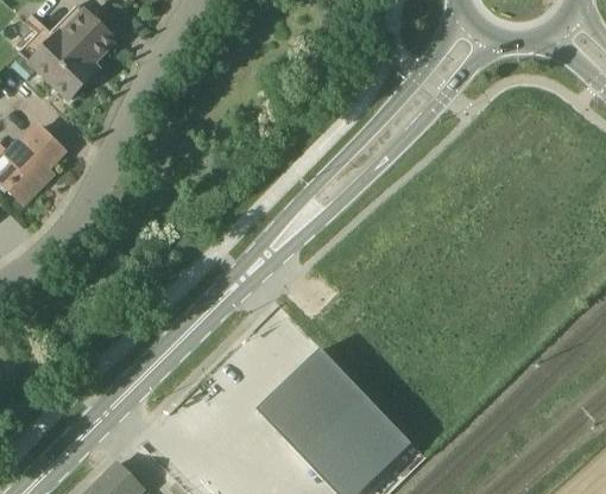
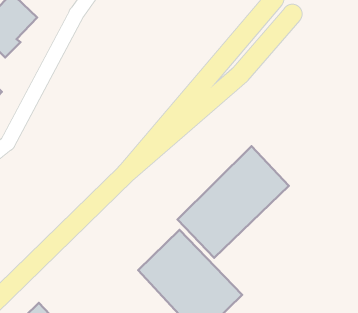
building: none -> [177,146,289,258]

